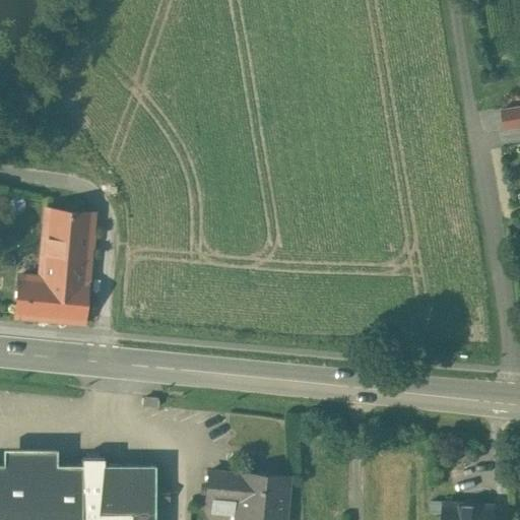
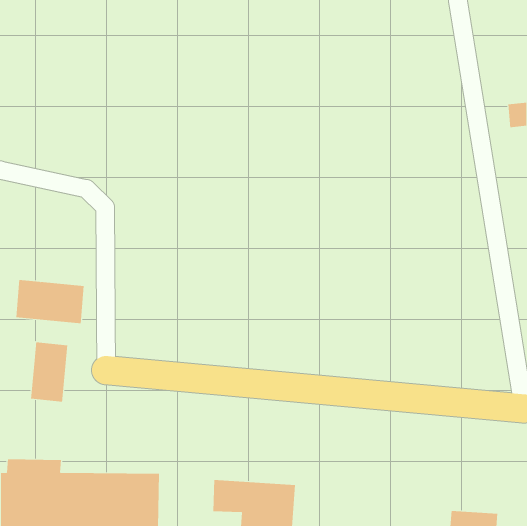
building: [40,209,89,282] -> none
building: none -> [30,342,68,403]

